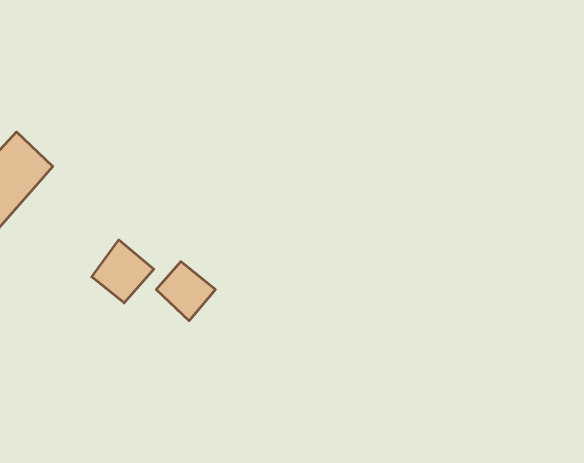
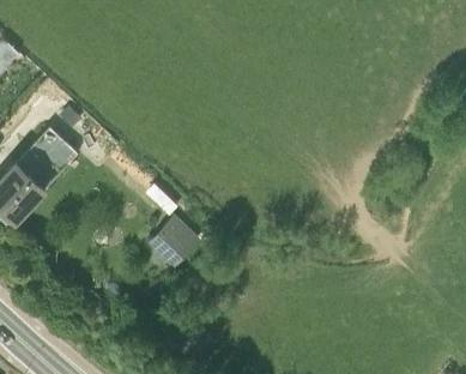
building: [92,240,154,303] -> none

